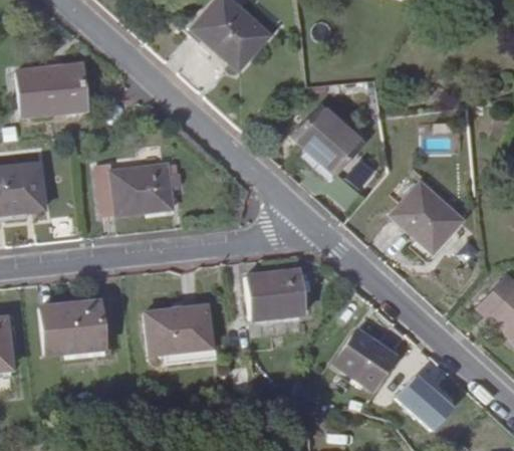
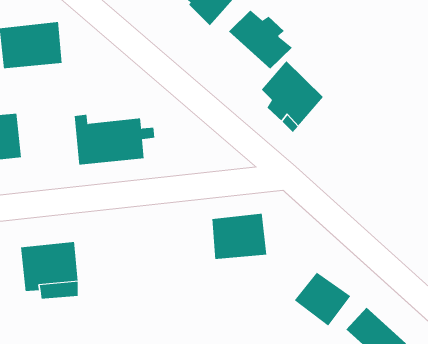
building: none -> [228,9,293,70]
building: [396,186,466,254] -> none
building: [149,303,211,352] -> none

